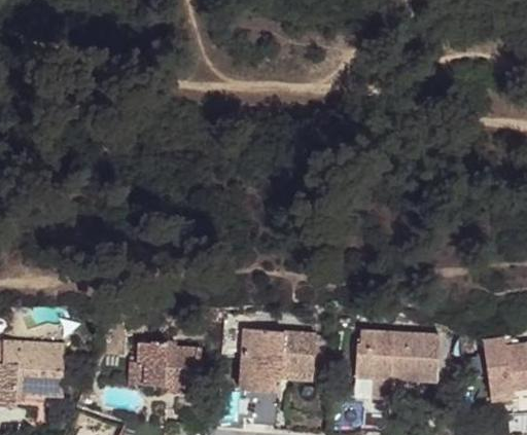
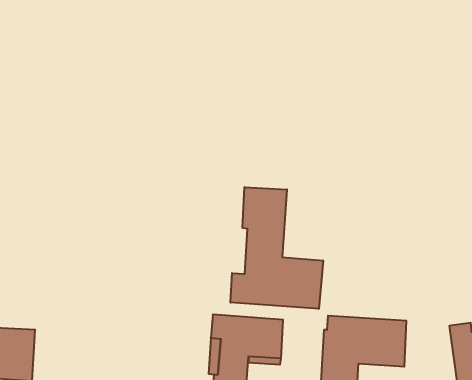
building: none -> [230,187,323,309]
building: [129,340,200,387] -> none

